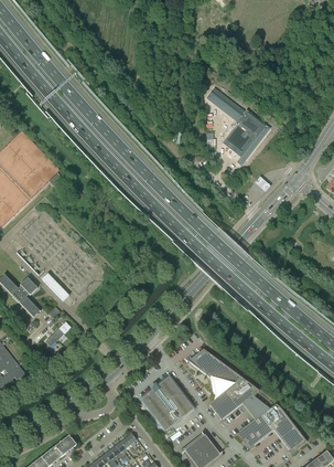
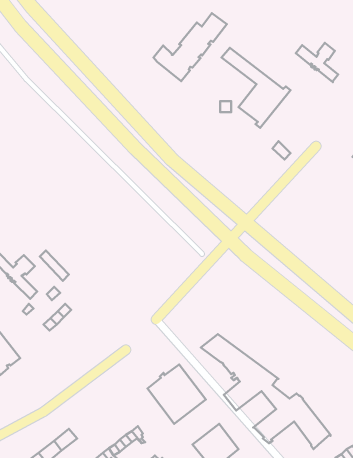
building: none -> [153,13,227,81]
building: none -> [296,43,338,82]

